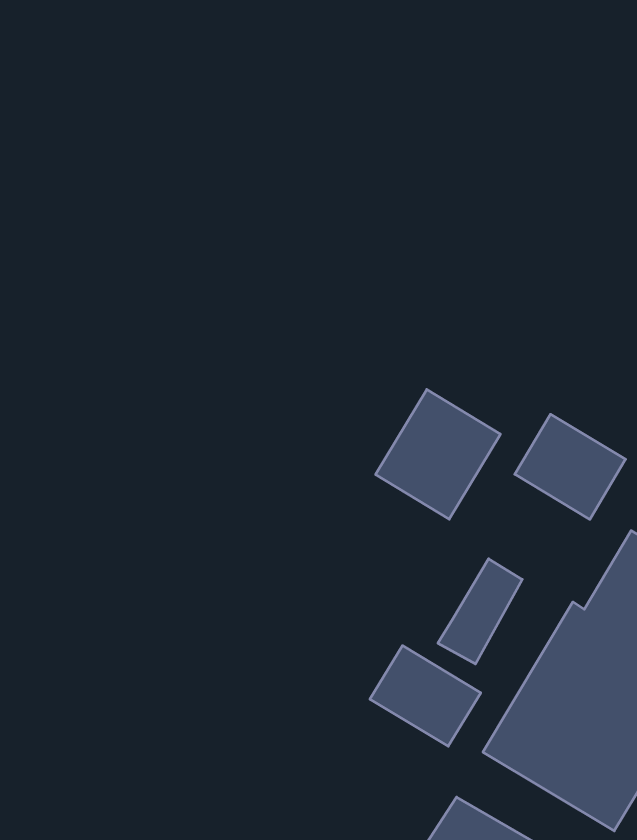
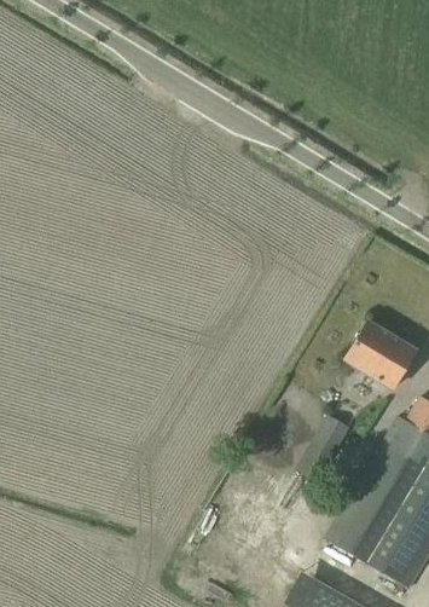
building: [376,389,500,519] -> none
building: [370,646,481,746] -> none

